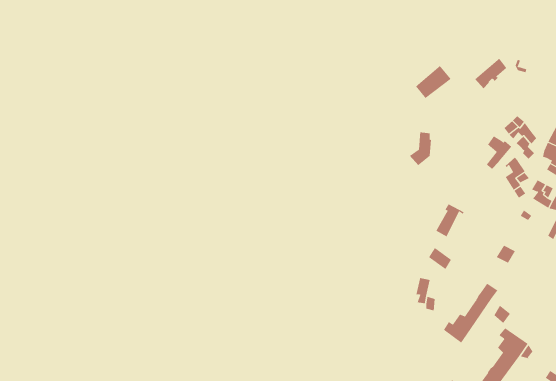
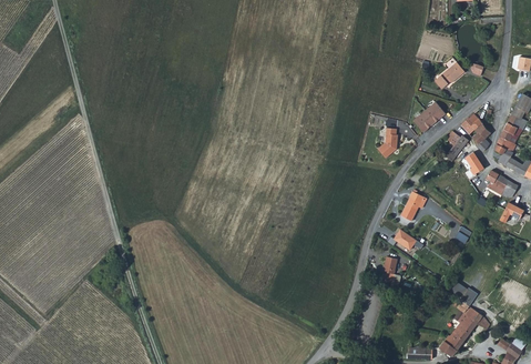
building: [415,65,451,99] -> [413,102,446,132]
building: [443,283,498,343] -> none

